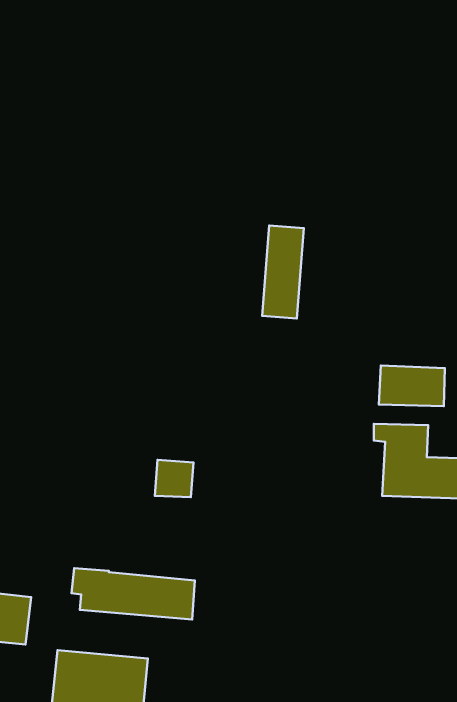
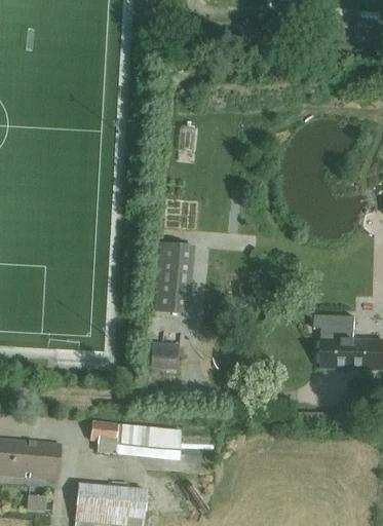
building: [262,225,304,319] -> [162,245,193,313]
building: [379,365,445,406] -> none

